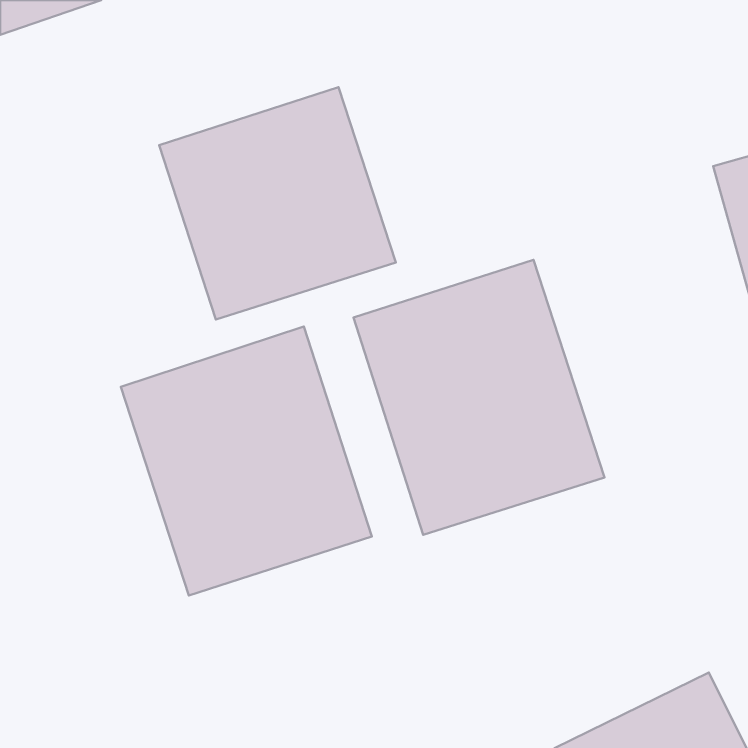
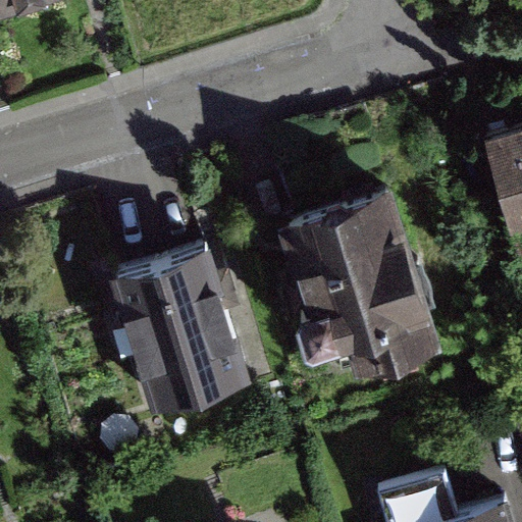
building: [159,87,396,319] -> none

